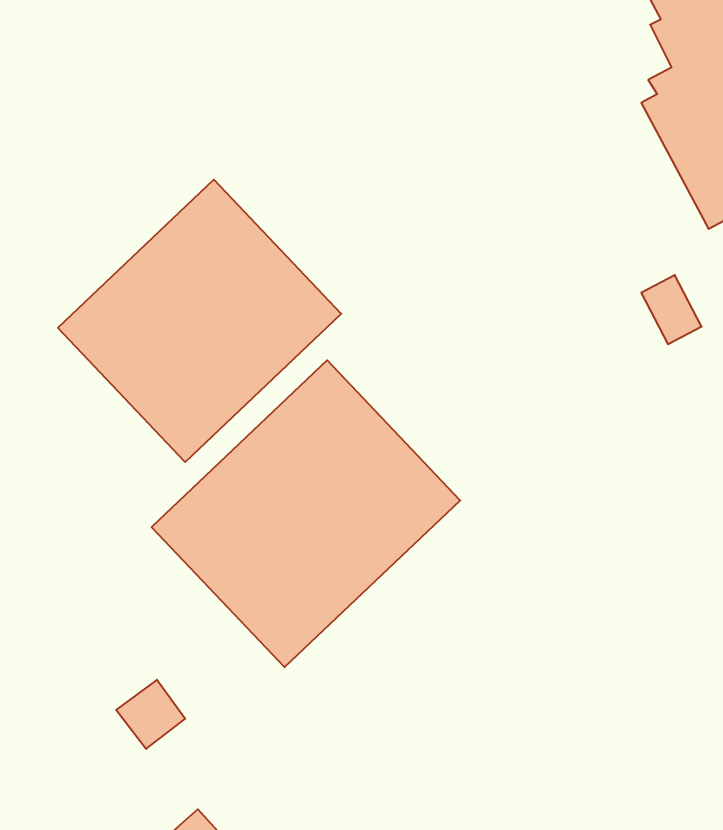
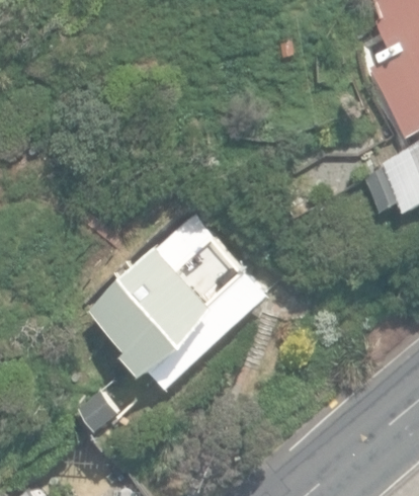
building: [58,180,341,462] -> none

